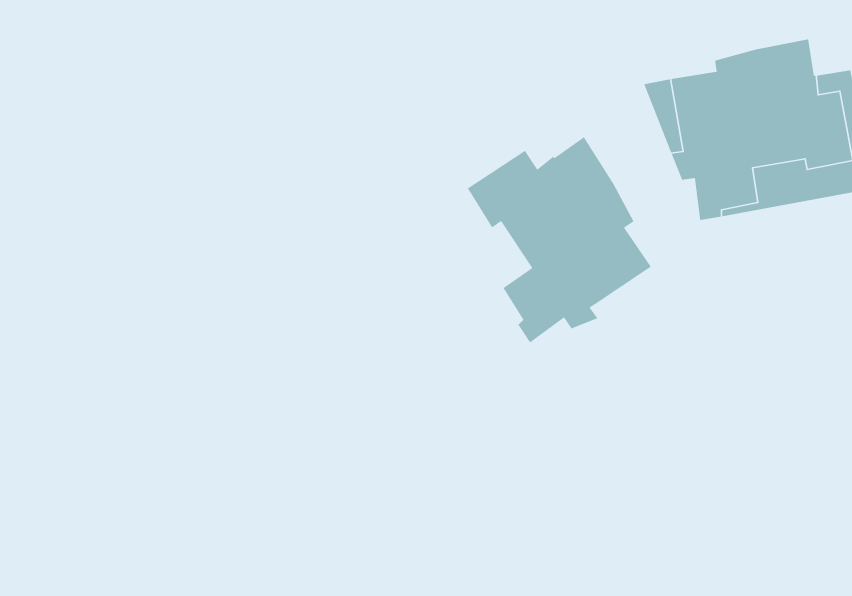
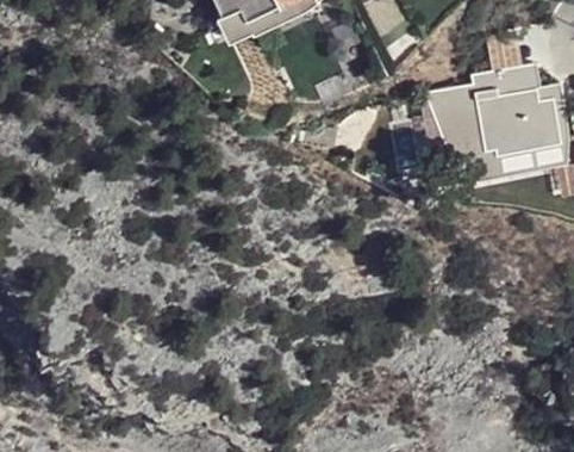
building: [467,136,652,344] -> none

